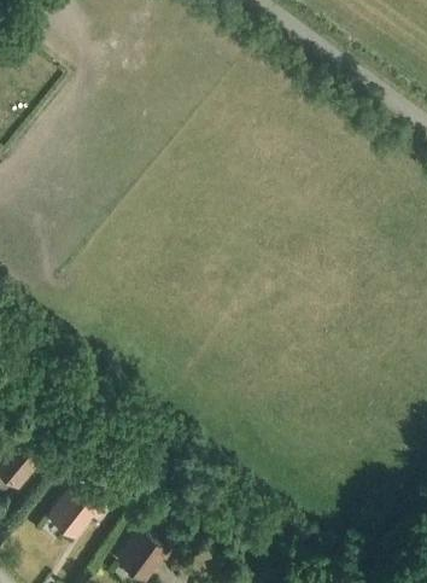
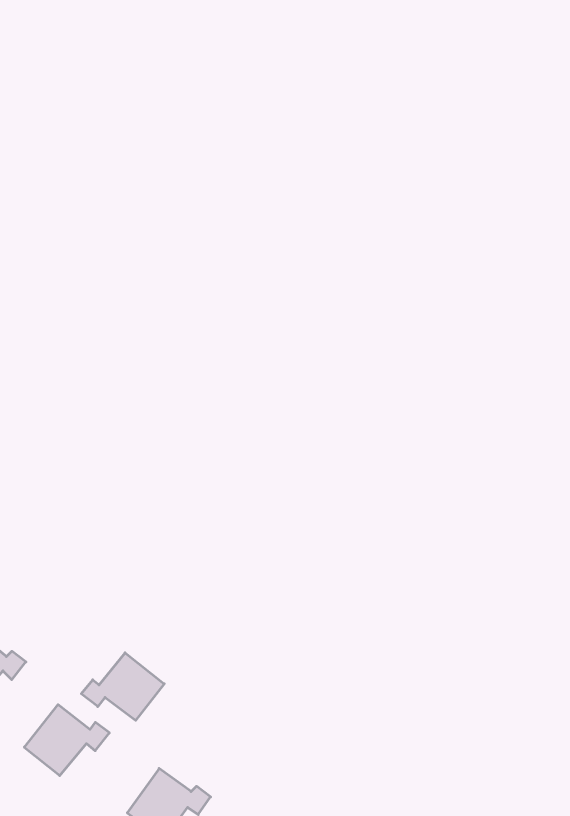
building: none -> [81,653,164,720]

